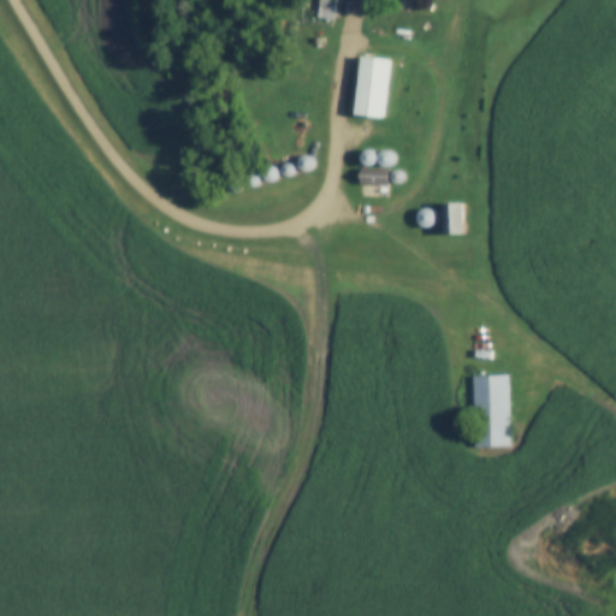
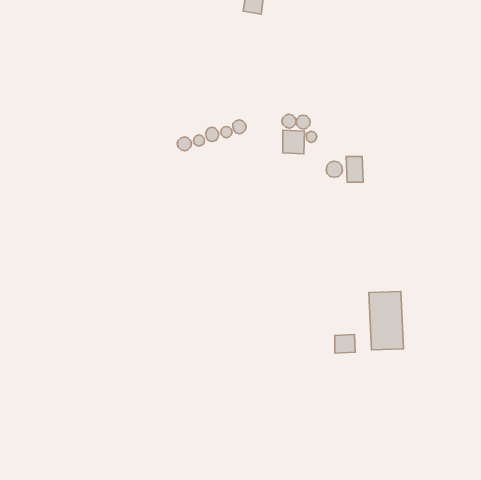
building: [353,52,395,122] -> none
building: none -> [335,335,355,353]

